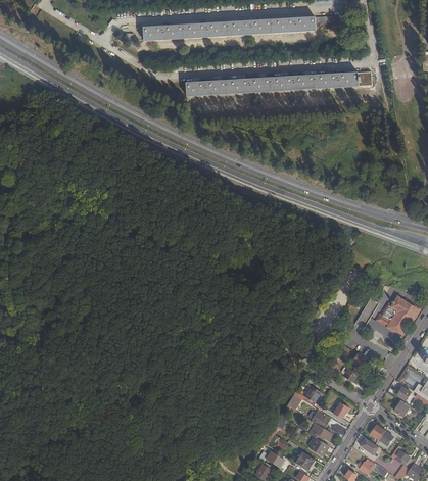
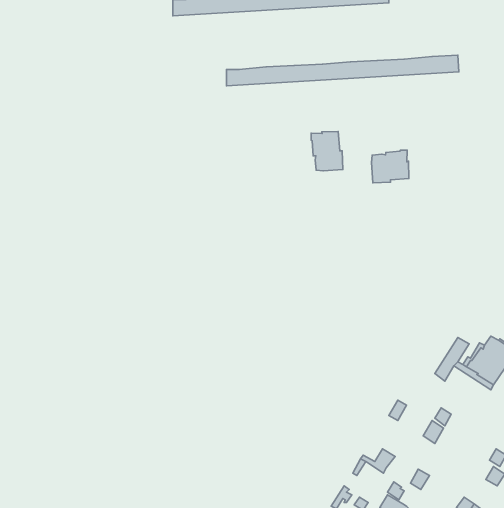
building: none -> [311,132,343,171]
building: none -> [372,150,409,183]

